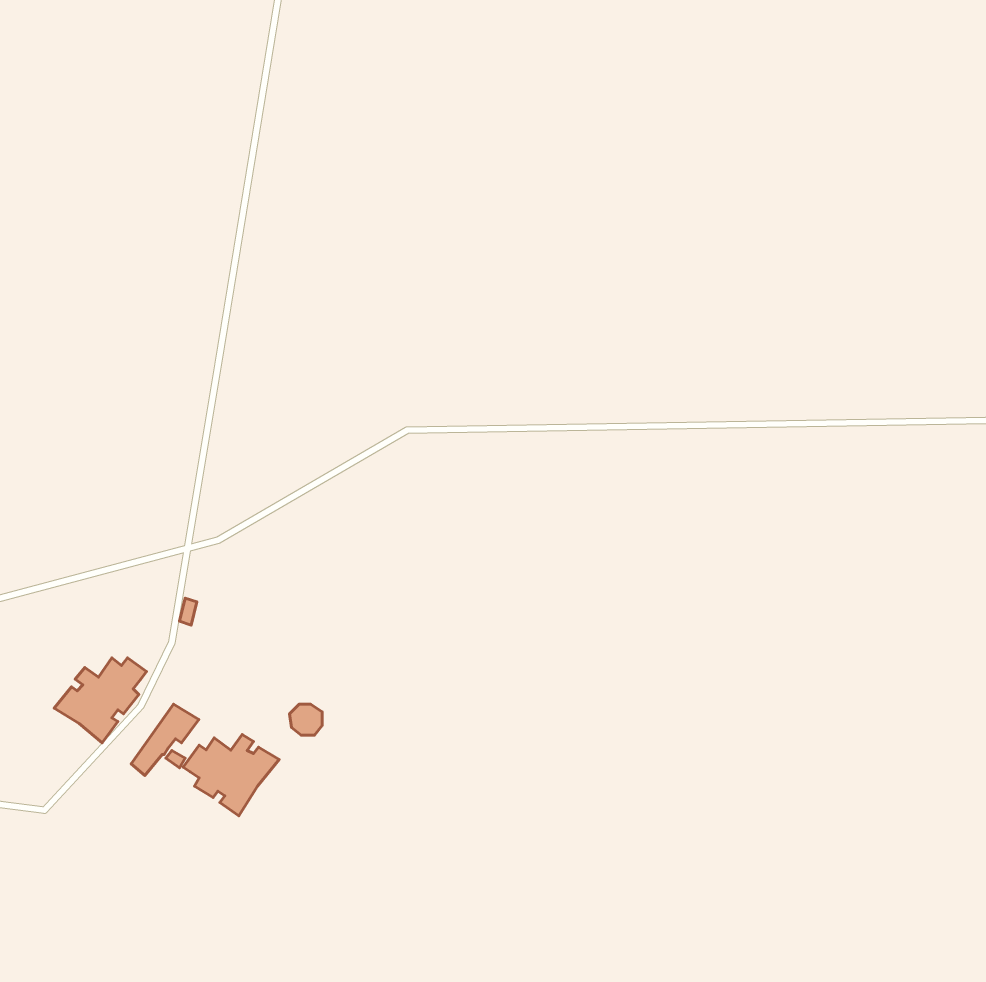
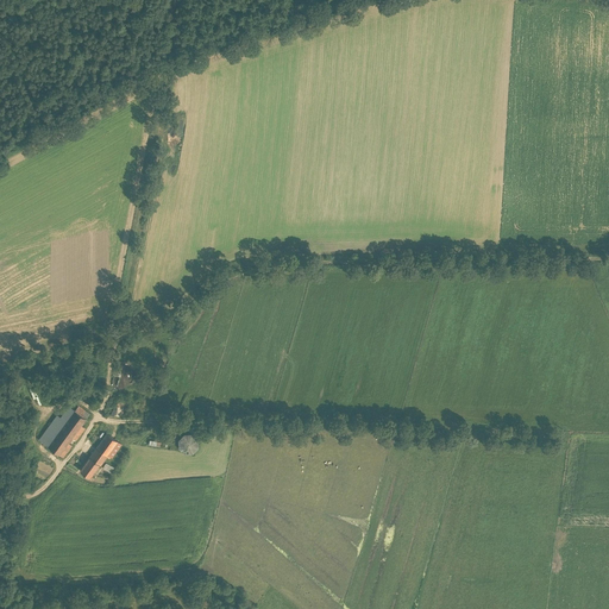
building: [183,735,279,816] -> none

